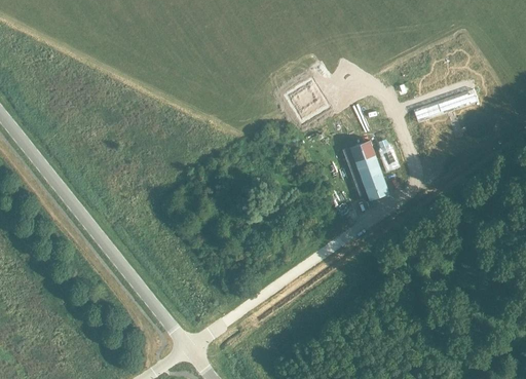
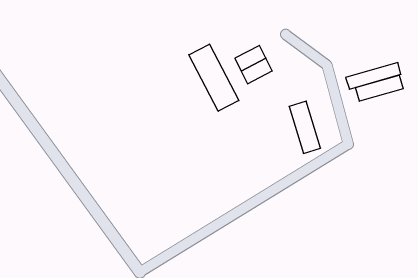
building: none -> [189,44,239,111]
building: none -> [356,75,403,101]

